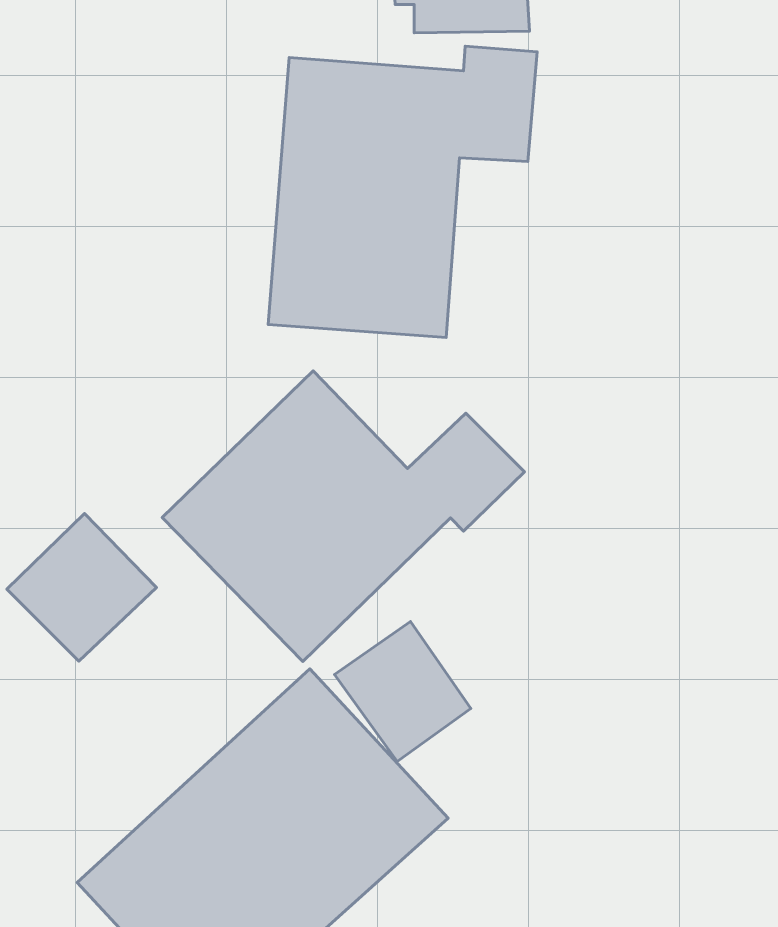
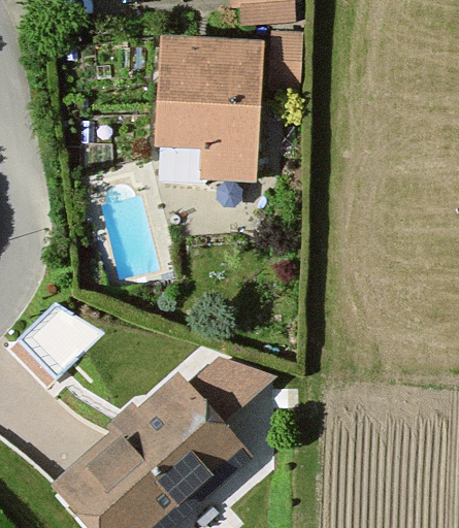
building: [162,371,524,662] -> none

